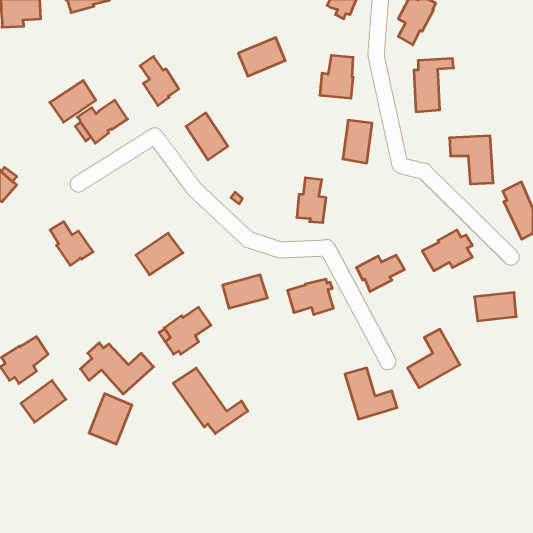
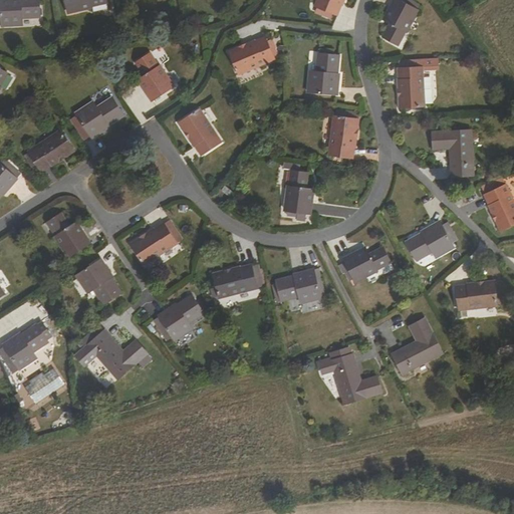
building: [50,80,96,122] -> [28,131,72,171]
building: none -> [75,258,120,303]
building: [173,368,248,434] -> none
building: [89,394,132,444] -> none

